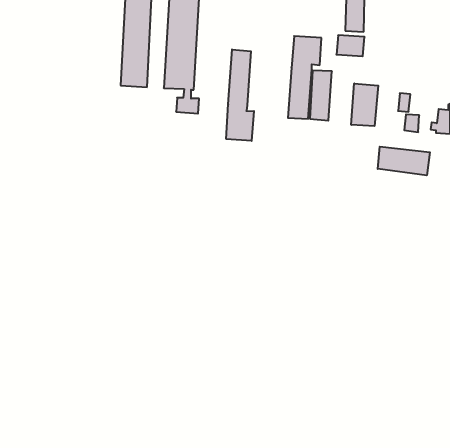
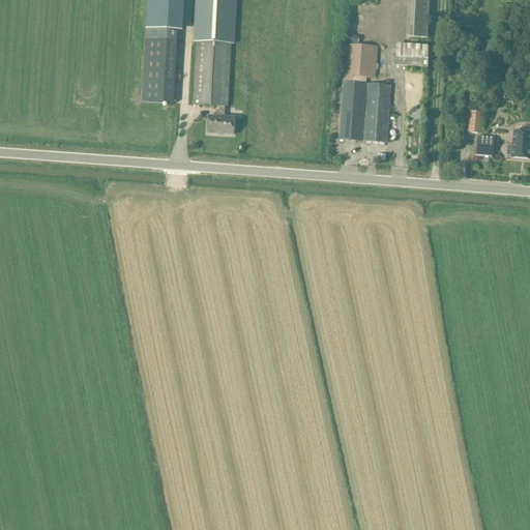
building: [226,49,254,141] -> none
building: [351,83,378,126] -> none
building: [378,147,430,175] -> none

